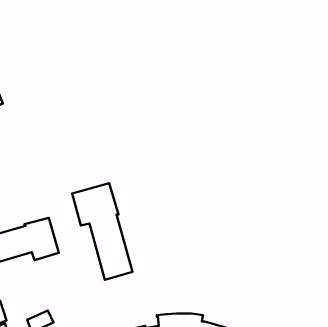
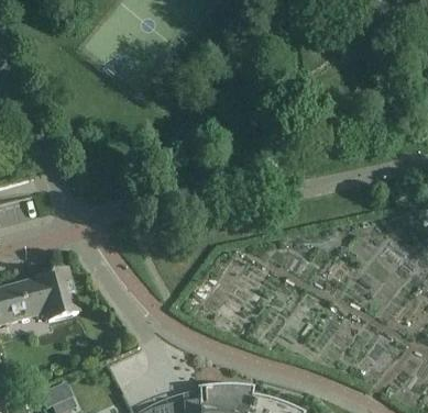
building: [72,183,132,280] -> none

